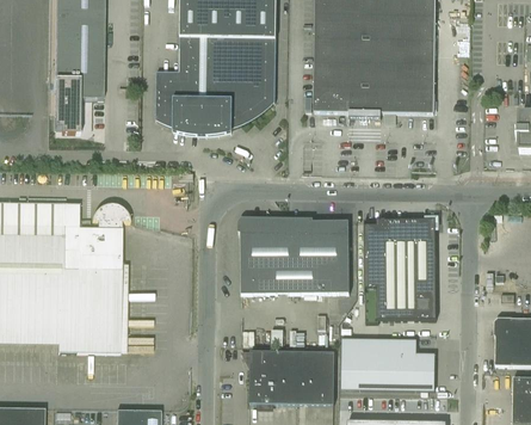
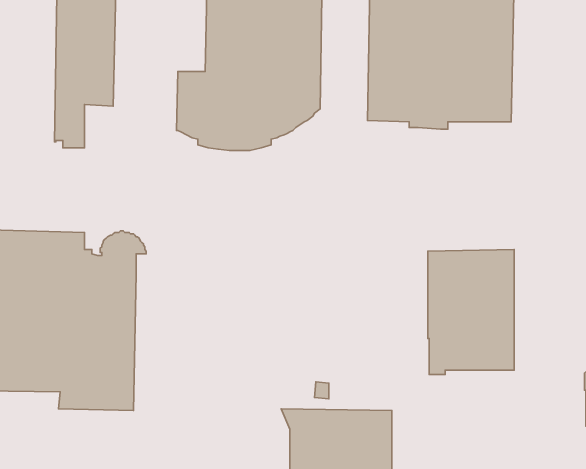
building: [237,216,350,292] -> none
building: [341,337,434,388] -> none

